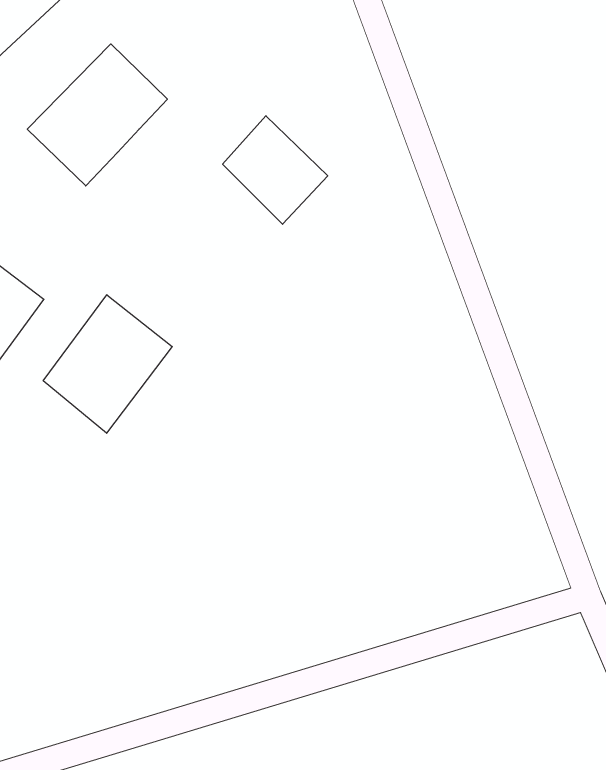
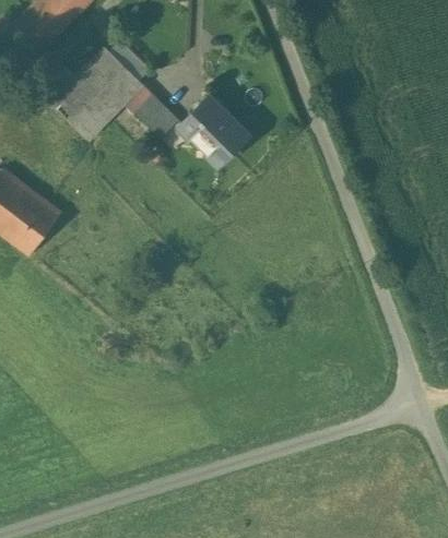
building: none -> [125,82,176,134]
building: [43,295,172,433] -> none

